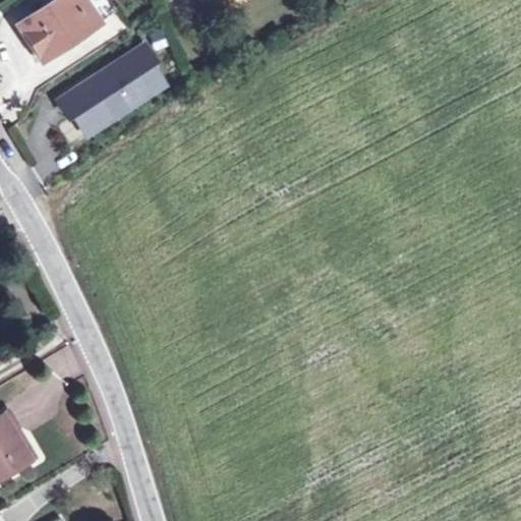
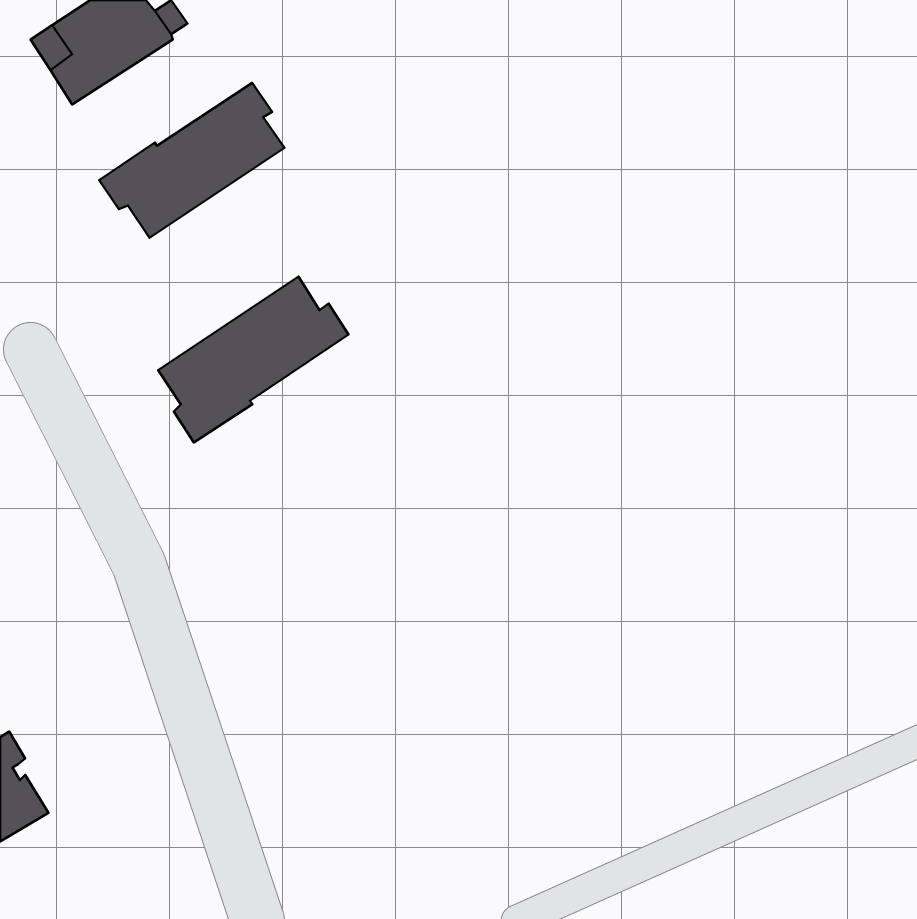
building: none -> [158,277,348,443]

